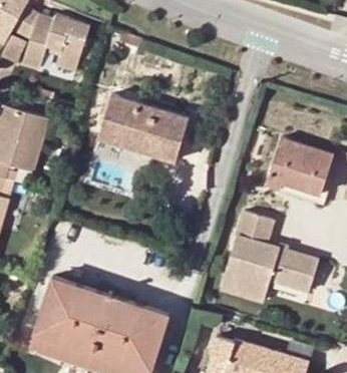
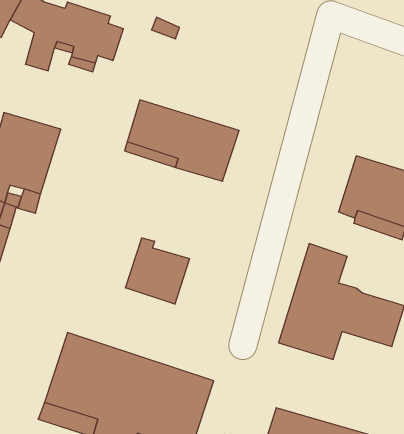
building: none -> [126,238,189,304]

